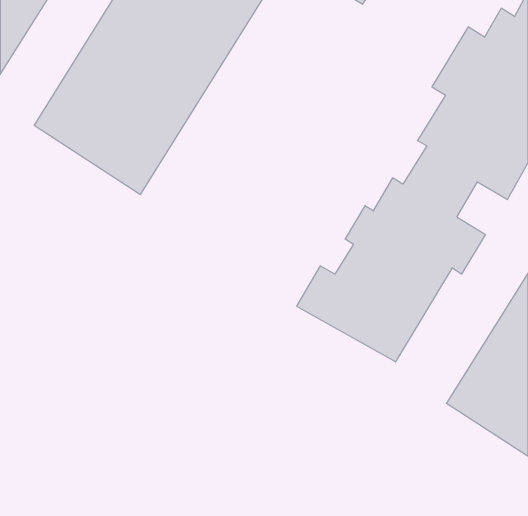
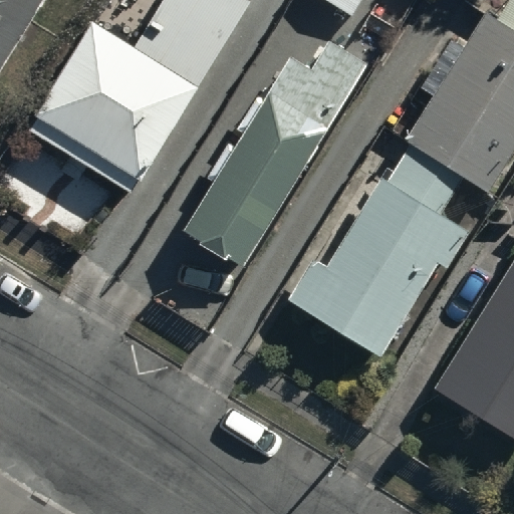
building: none -> [185,43,368,265]

